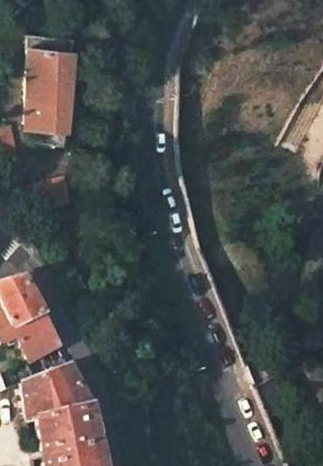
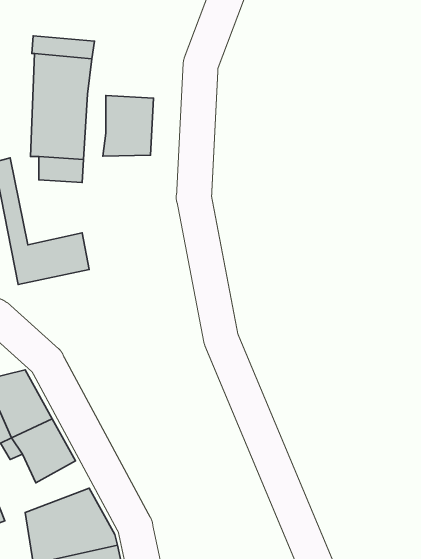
building: none -> [103,95,153,156]

